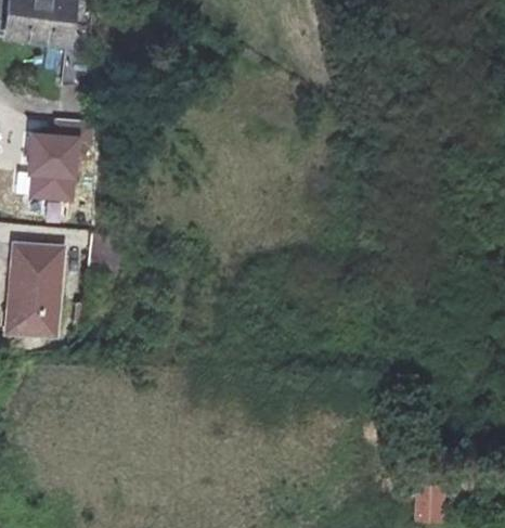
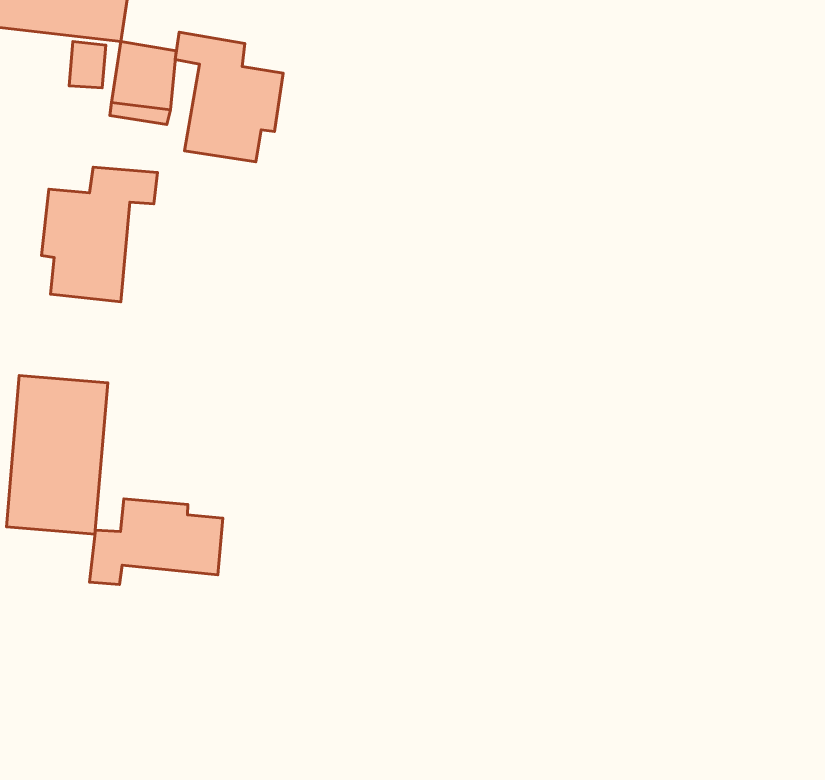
building: none -> [175,32,283,162]
building: none -> [89,499,223,584]

